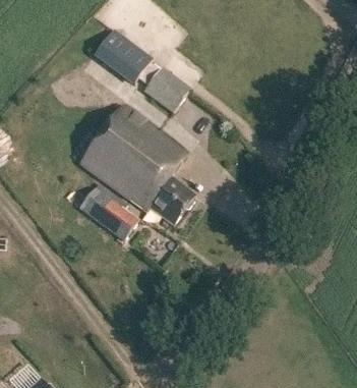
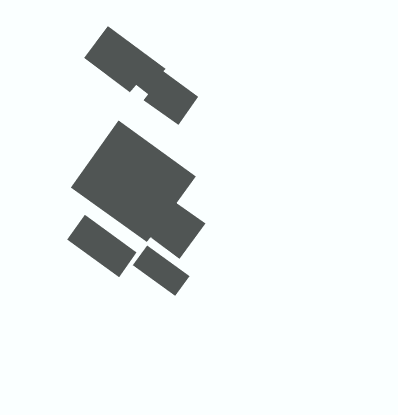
building: none -> [132,244,191,297]

